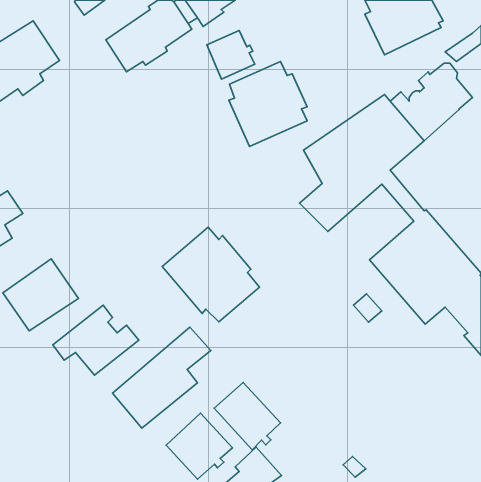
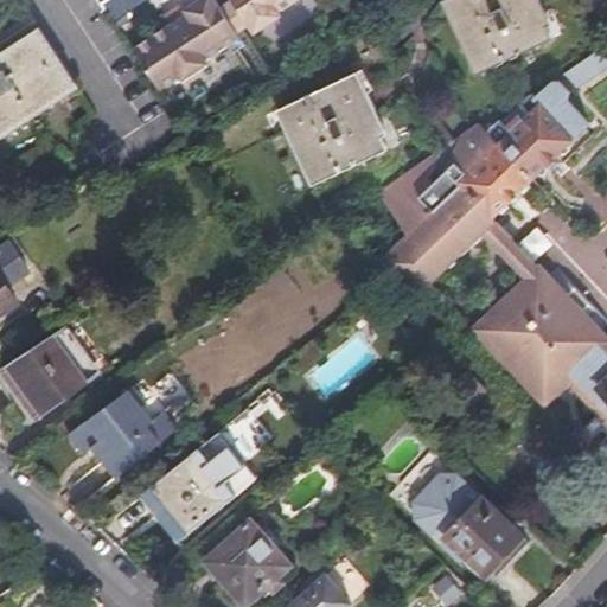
building: [207,30,255,79] -> none
building: [162,227,260,322] -> none
building: none -> [410,474,516,573]
building: [214,382,280,450] -> none

